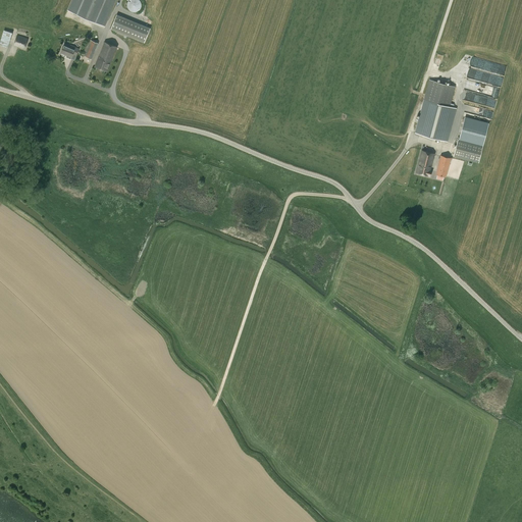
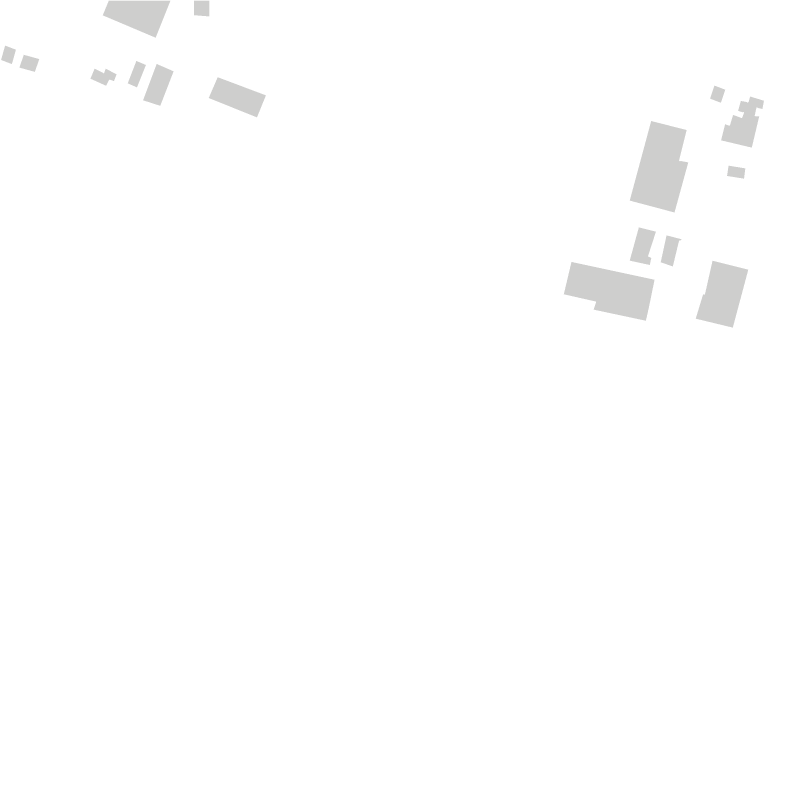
building: [111,15,150,43] -> [208,77,267,118]
building: [453,117,488,162] -> [695,260,749,328]
building: none -> [563,261,655,321]

